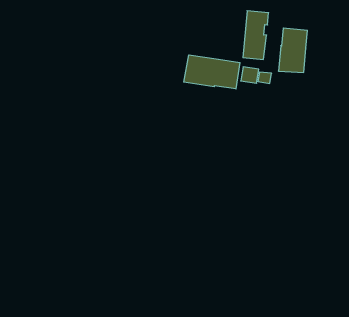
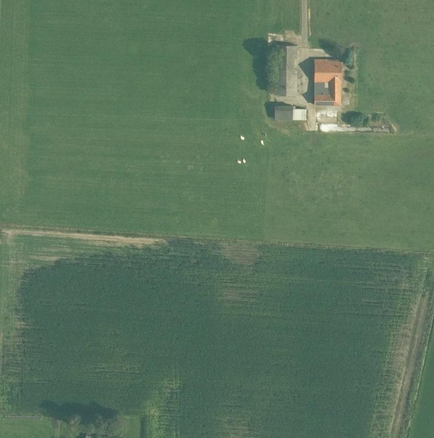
building: [184,55,240,89] -> none

